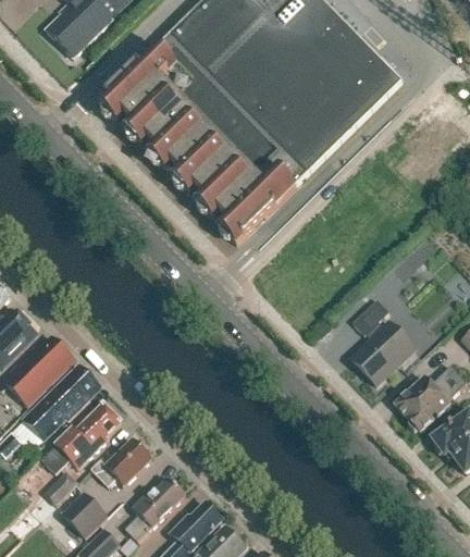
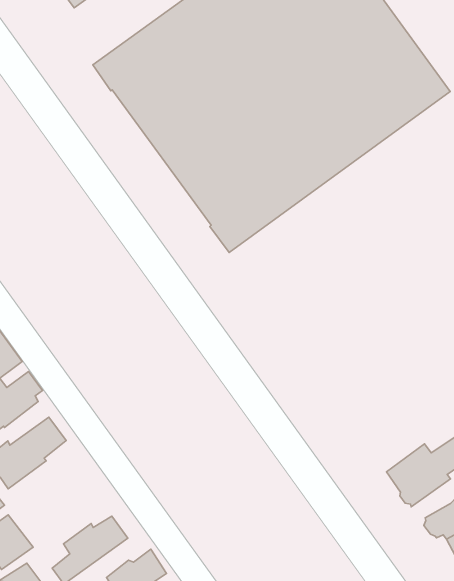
building: [351,298,415,384] -> none
building: [94,438,153,484] -> none

